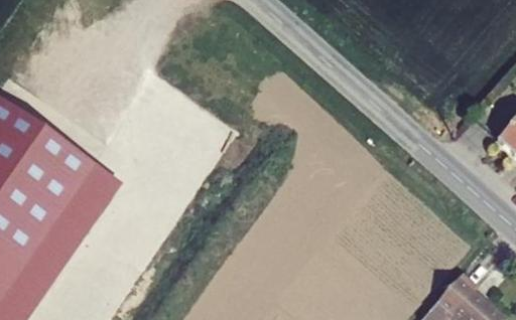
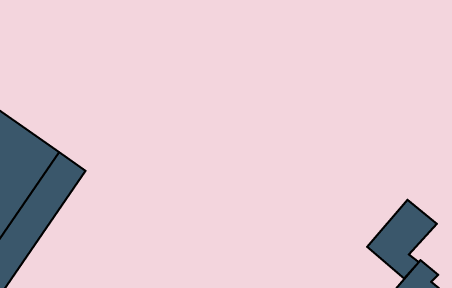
building: none -> [367,200,437,278]

